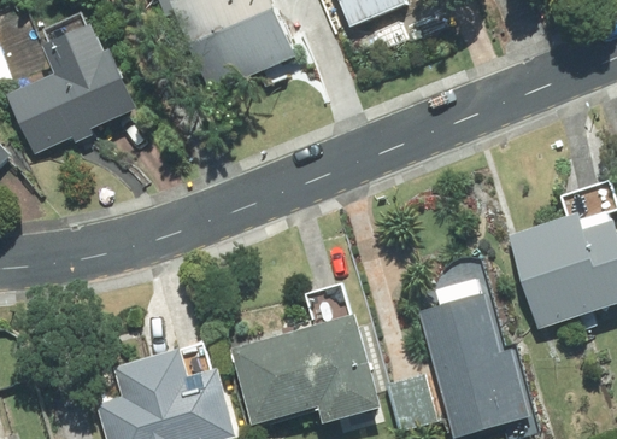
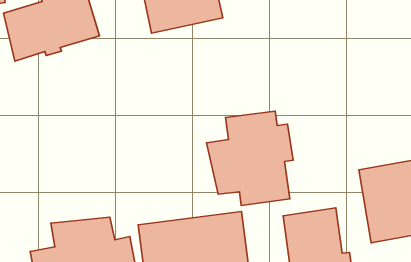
building: none -> [207,111,293,205]

